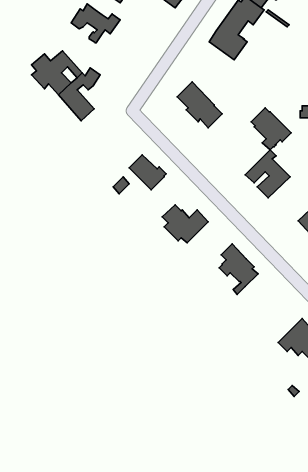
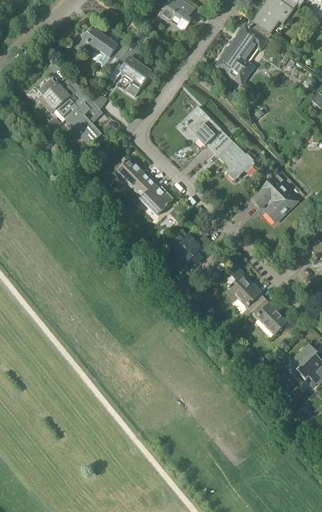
building: none -> [117,43,152,95]
building: [251,108,291,150] -> [215,137,255,179]
building: none -> [114,154,149,191]
building: none -> [252,297,286,333]

